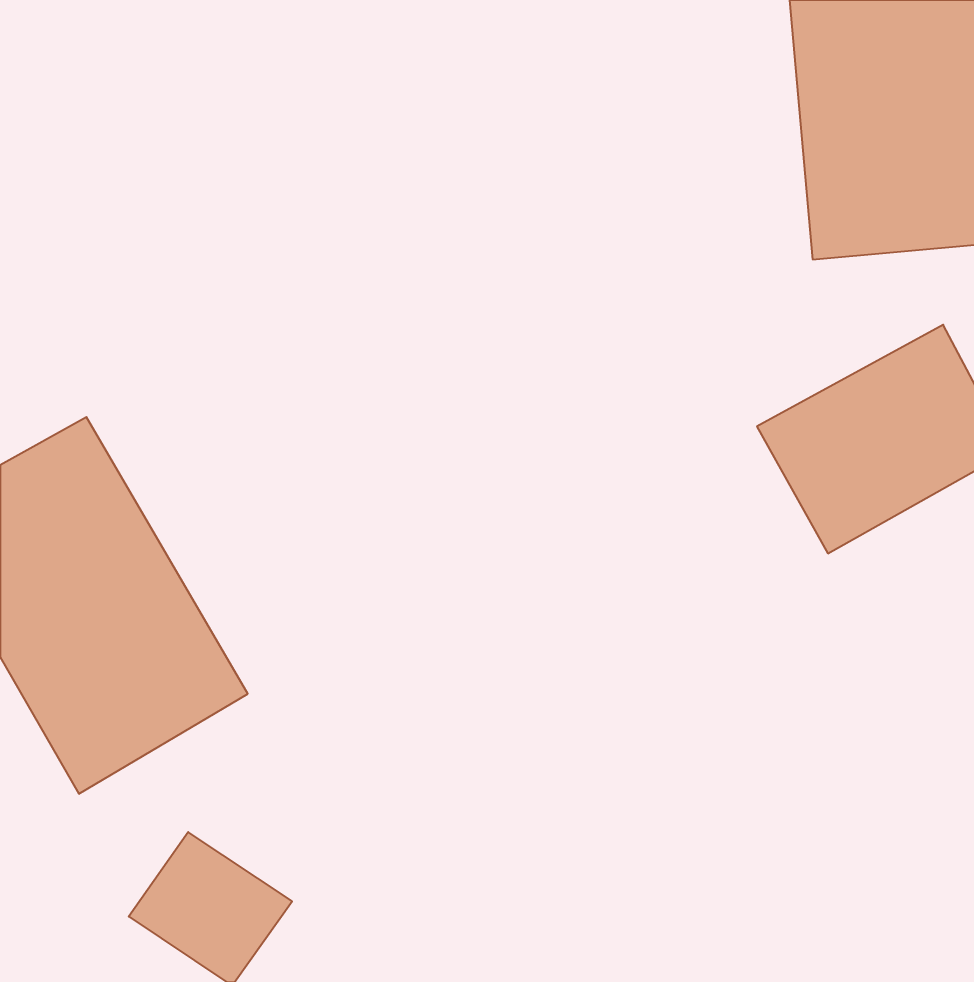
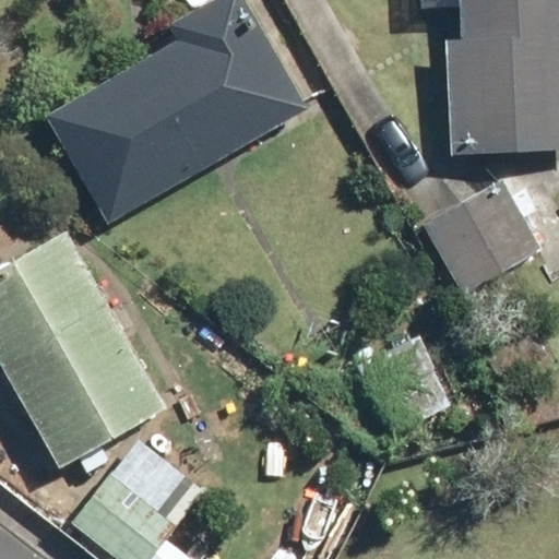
building: none -> [48,11,295,214]

